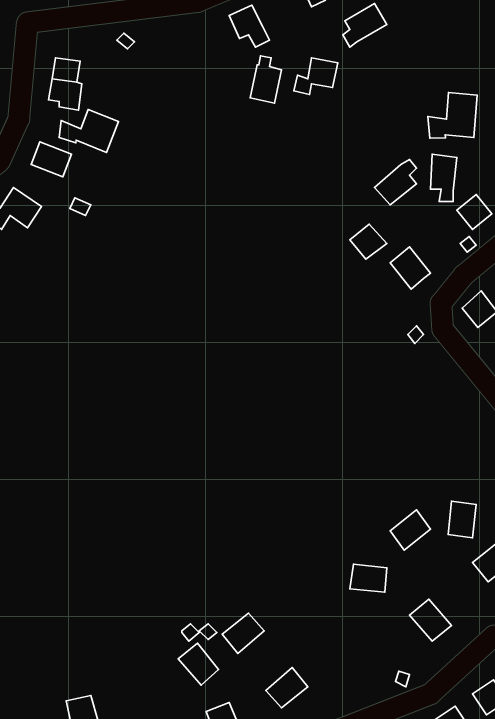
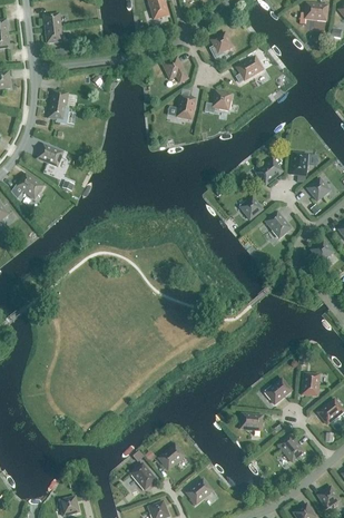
building: [428,92,477,138] -> none
building: [59,109,119,152] -> none

